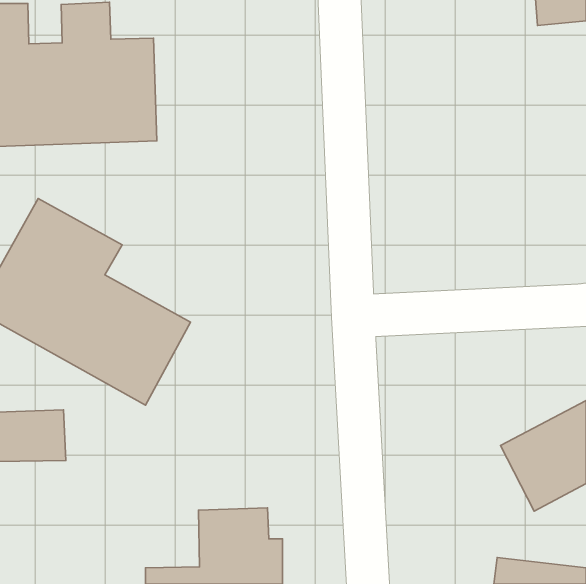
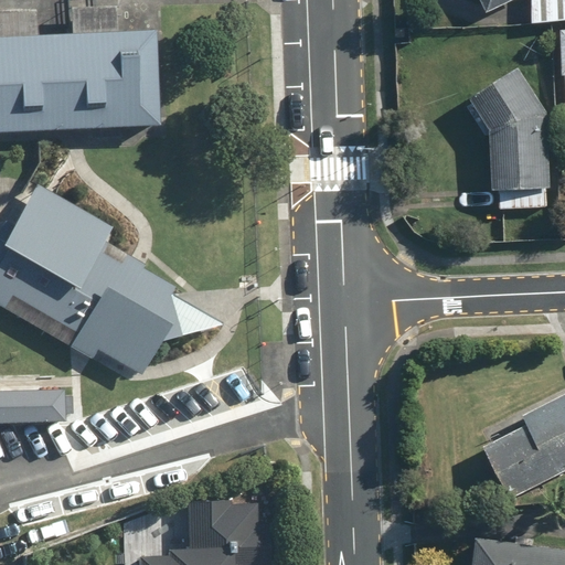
building: none -> [472,58,554,203]

